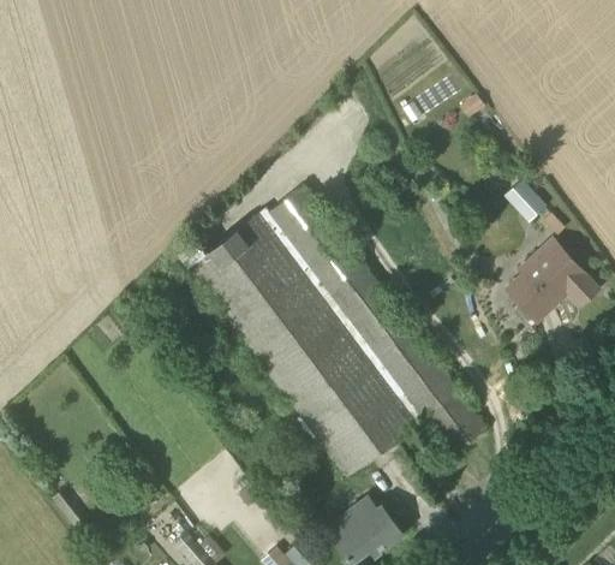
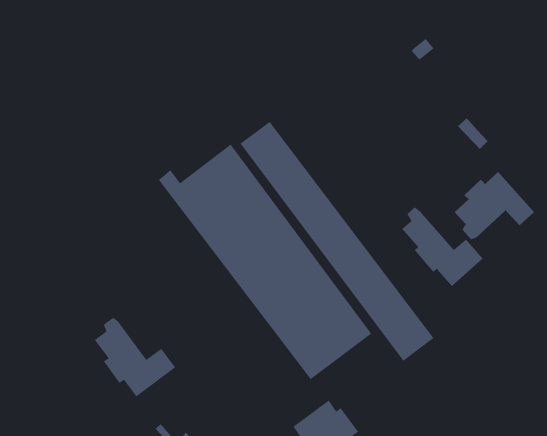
building: none -> [401,207,483,287]
building: none -> [94,317,176,398]

